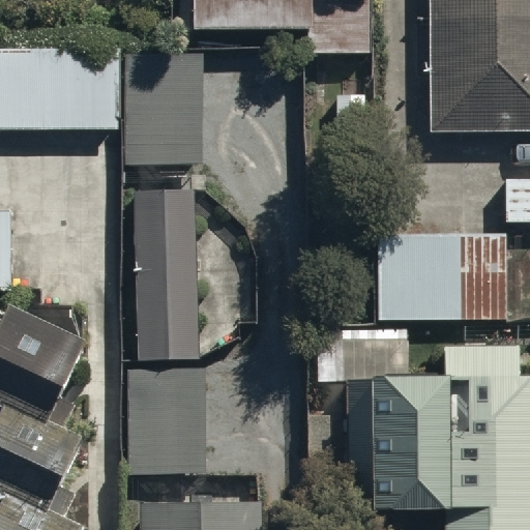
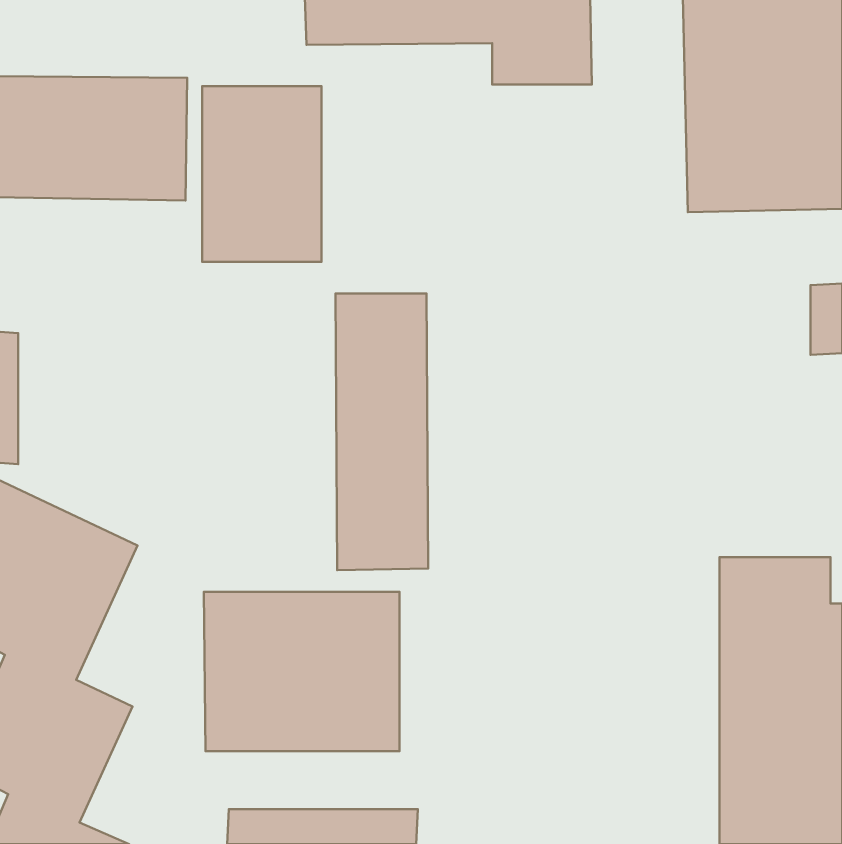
building: [138,187,196,360] -> [335,293,428,570]
building: [376,238,506,316] -> none
building: [373,380,447,512] -> none

